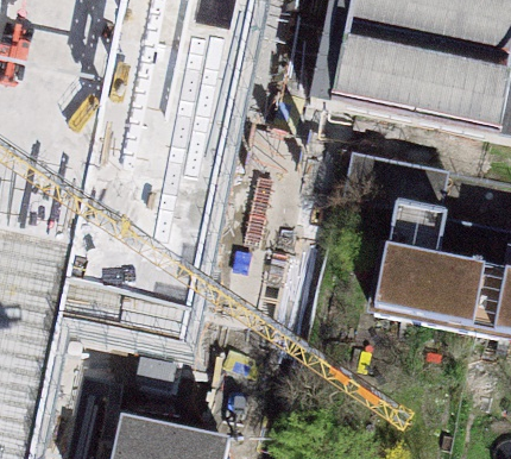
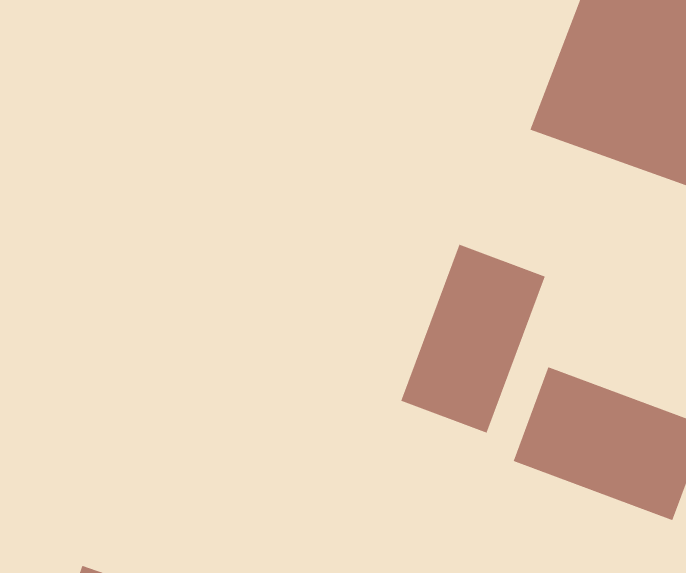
building: none -> [400,244,546,433]

